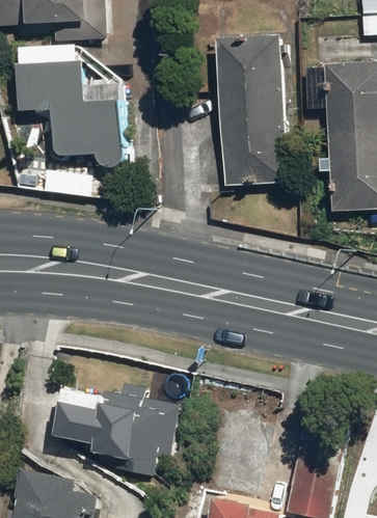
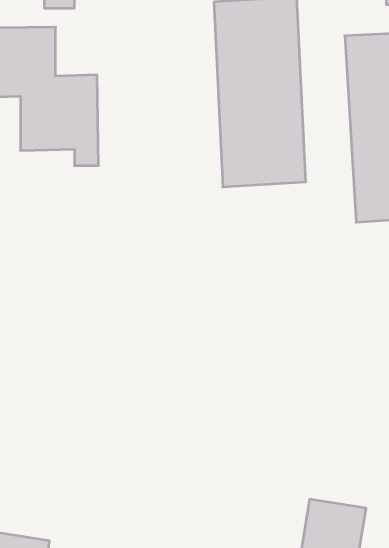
building: [55,383,176,474] -> none

